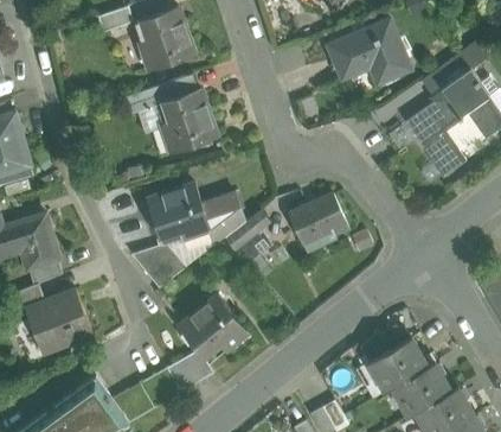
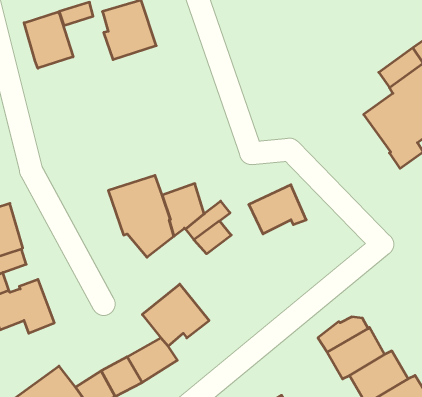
building: none -> [24,12,73,68]
building: [329,19,412,82] -> none
building: [161,87,218,148] -> none
building: [130,243,185,288] -> none

